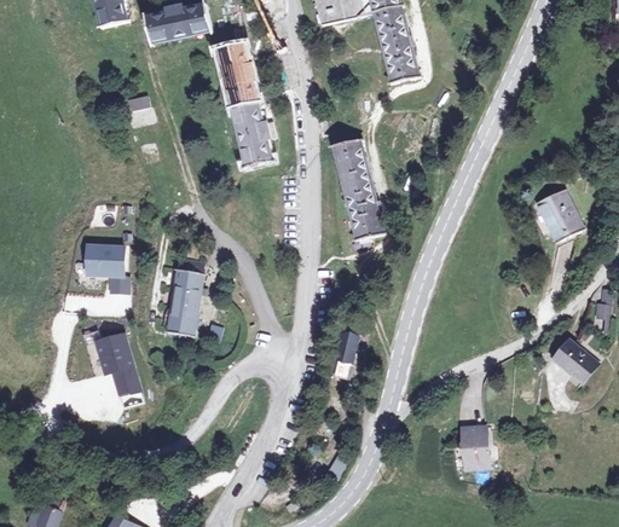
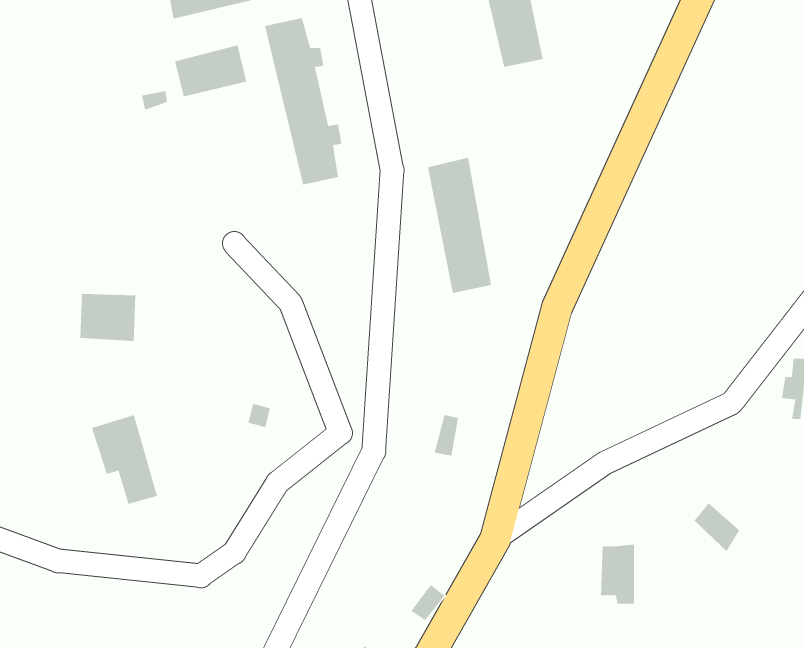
building: none -> [175,45,247,97]
building: [538,190,578,242] -> none
building: [164,256,206,334] -> none
building: [556,343,590,380] -> [694,502,740,552]

